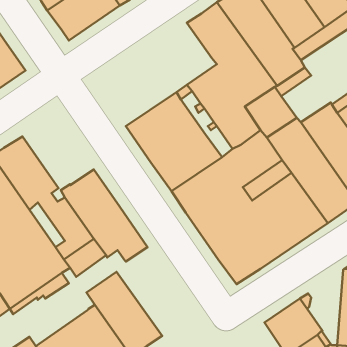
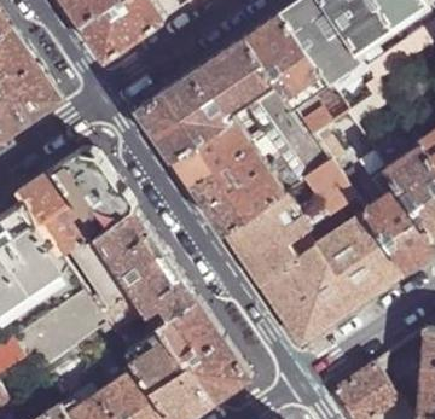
building: none -> [134,39,269,159]
building: none -> [48,152,132,228]
building: none -> [156,301,248,405]

